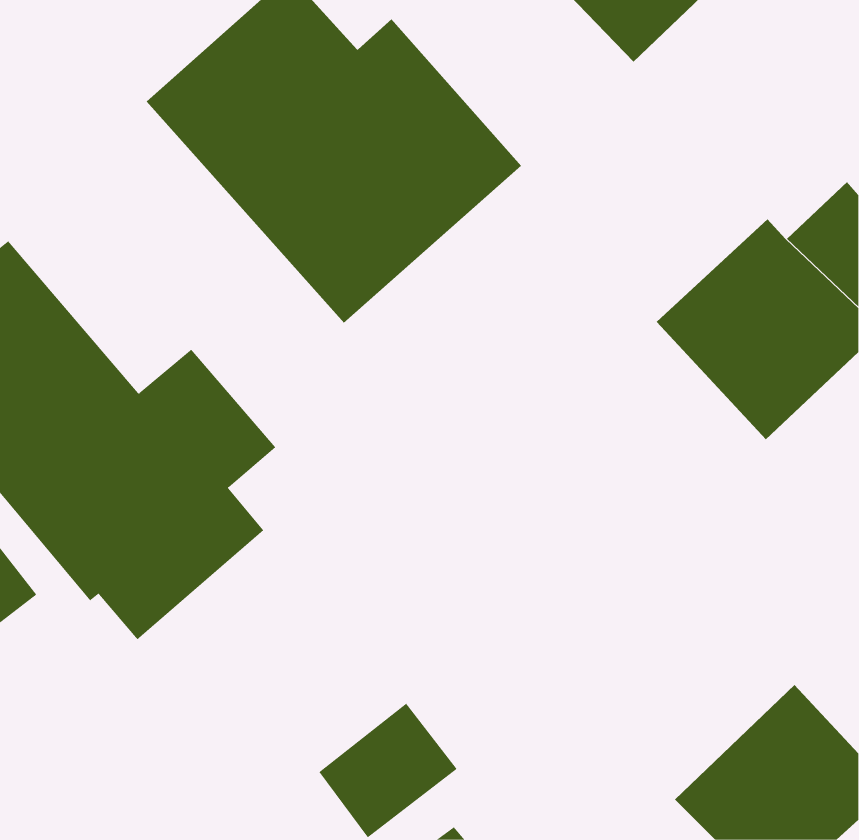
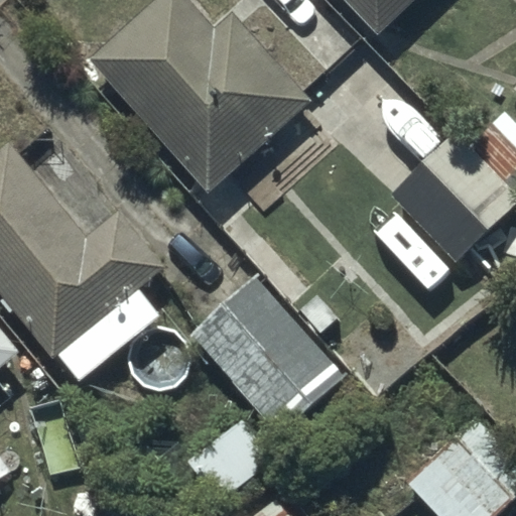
building: none -> [190,276,347,436]

